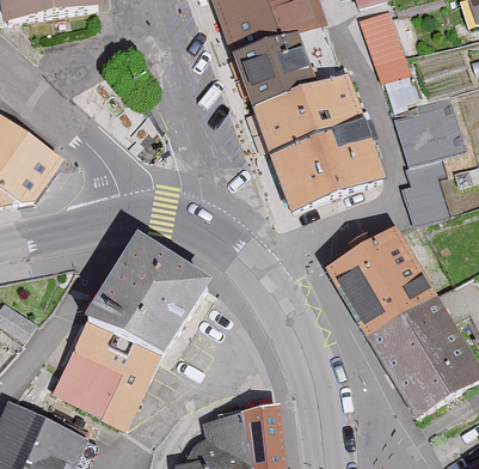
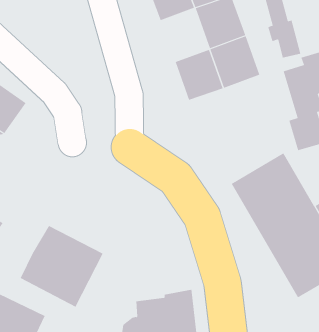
building: [234,37,299,108] -> none
building: [271,124,385,212] -> none
building: [86,238,207,360] -> none

